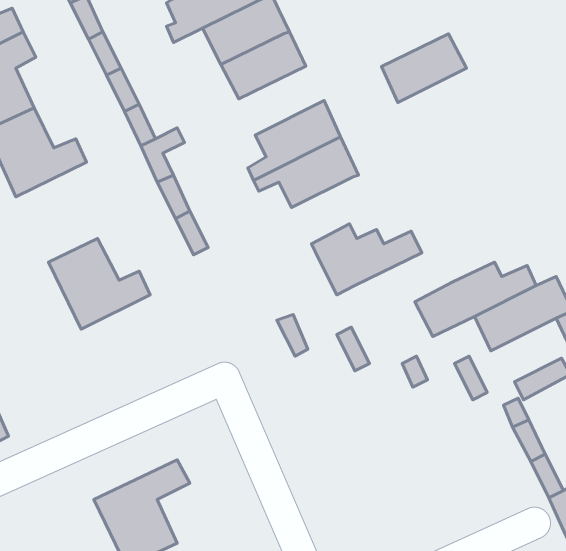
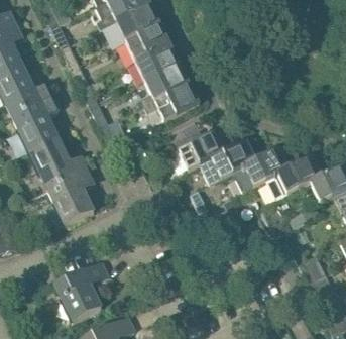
building: [381,34,467,103] -> [135,41,183,80]
building: none -> [11,95,57,150]
building: none -> [200,141,254,184]
building: none -> [47,168,93,223]

